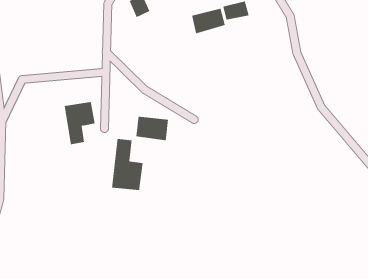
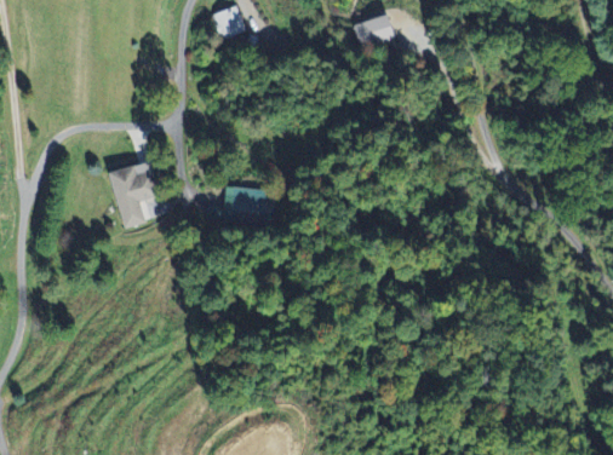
building: [192,8,225,34] -> none
building: [112,138,143,191] -> none

